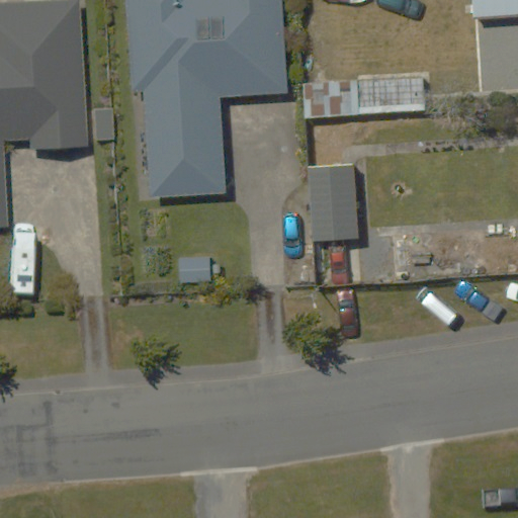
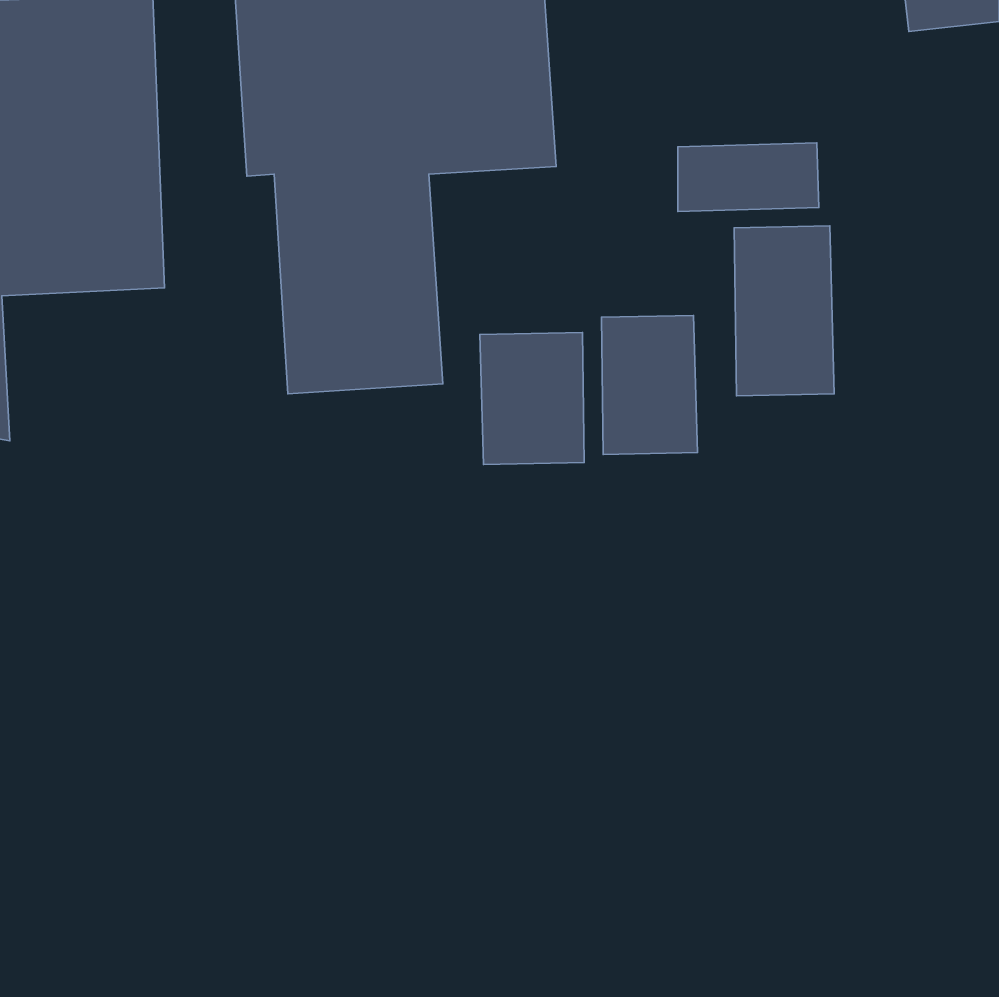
building: none -> [734,226,834,396]
building: none -> [480,332,584,465]

